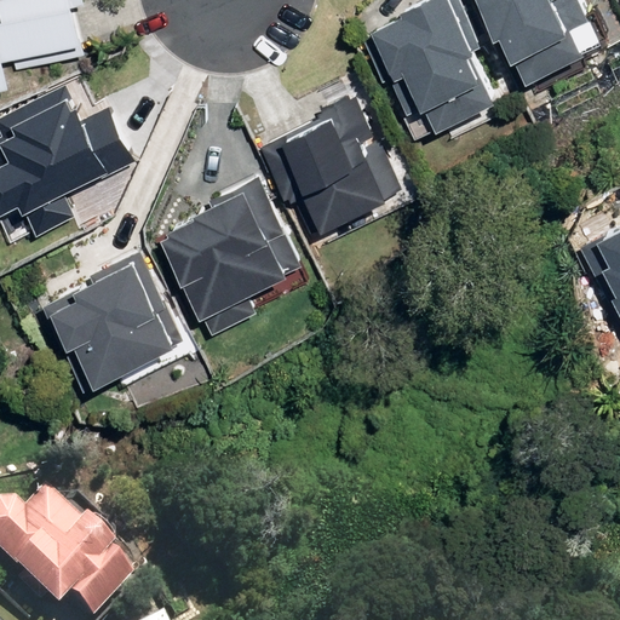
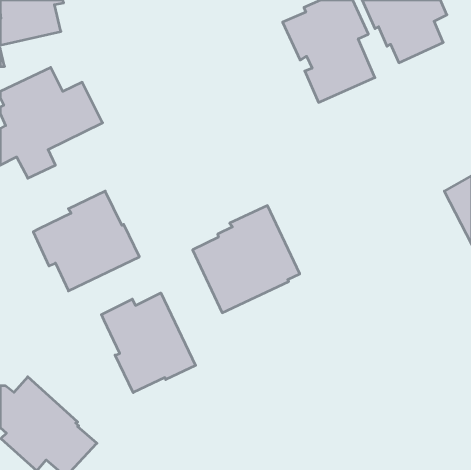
building: [259,96,401,232] -> none
building: [160,179,300,320] -> [193,206,300,313]
building: none -> [101,293,196,393]

